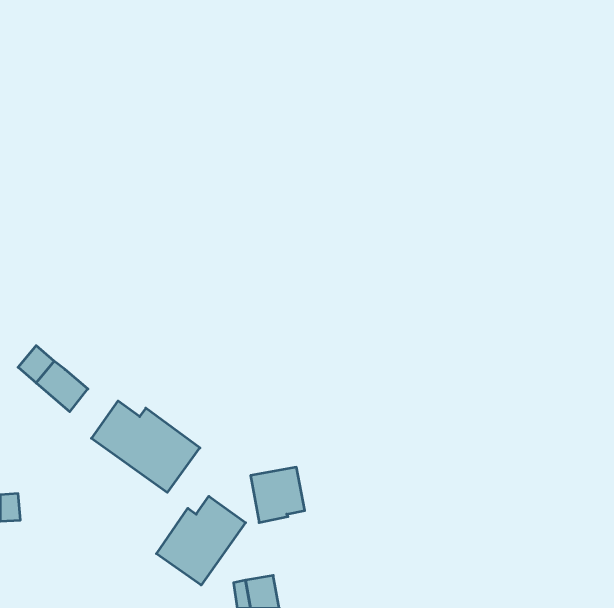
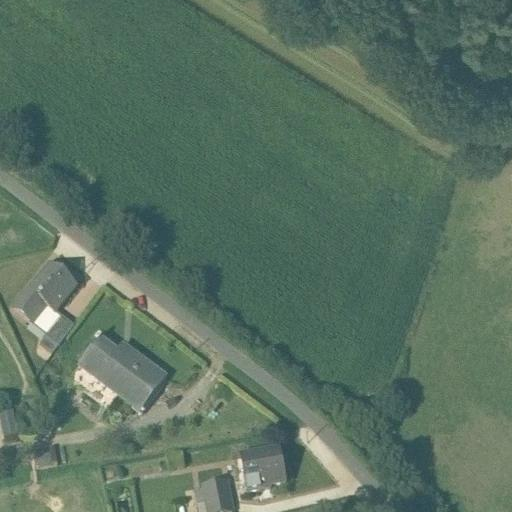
building: none -> [30,262,76,307]
building: [251,467,305,523] -> [241,445,286,491]
building: [156,496,246,585] -> none

